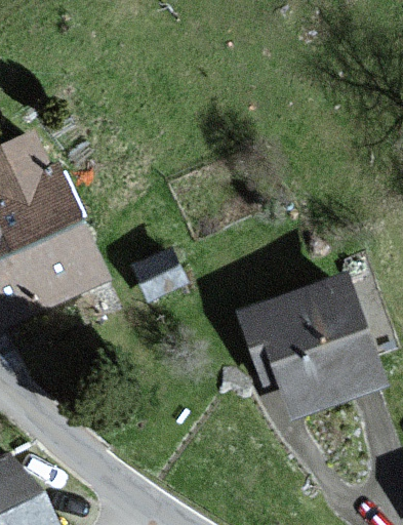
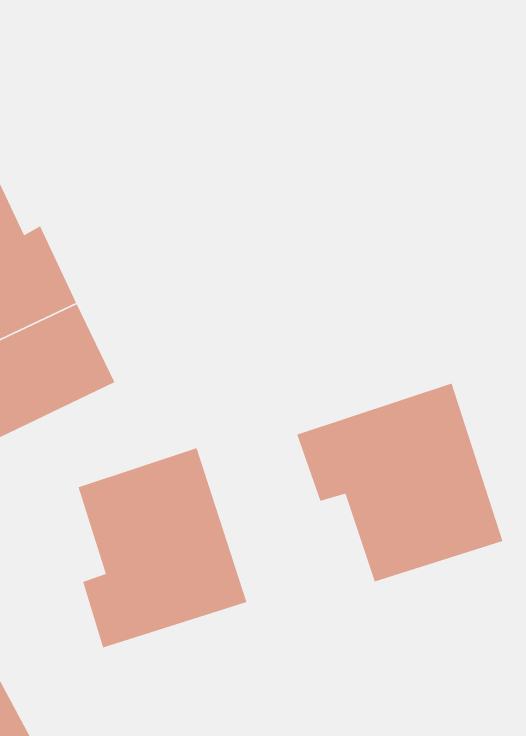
building: none -> [78,447,247,649]

